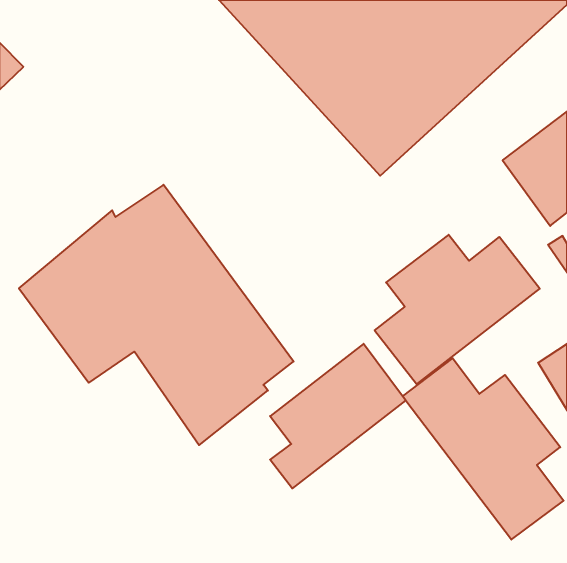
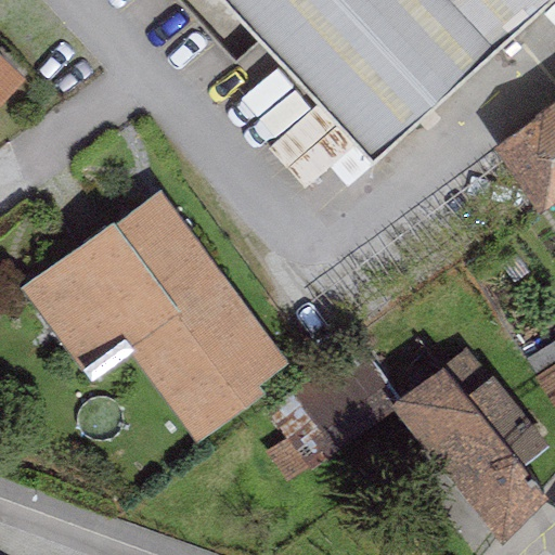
building: [375,235,540,384] -> none

